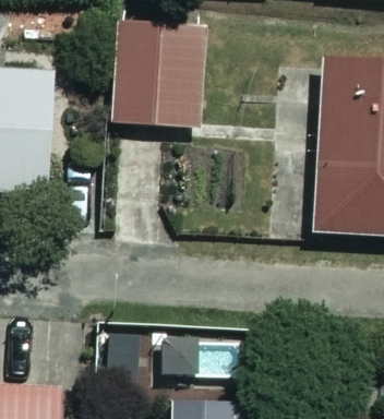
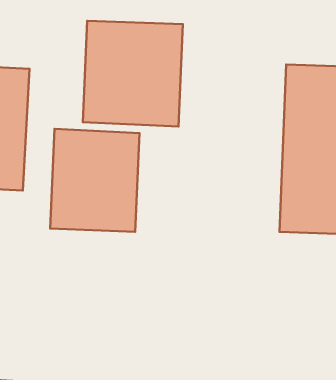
building: none -> [50,129,139,232]

